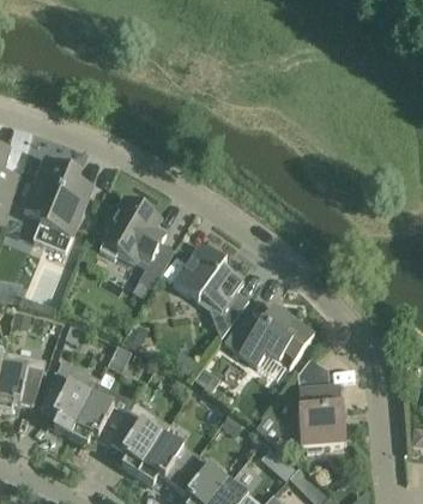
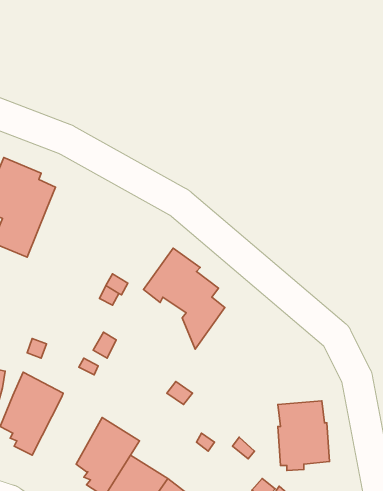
building: [98,193,165,262] -> none
building: [223,304,313,367] -> none
building: [70,380,134,443] -> none

